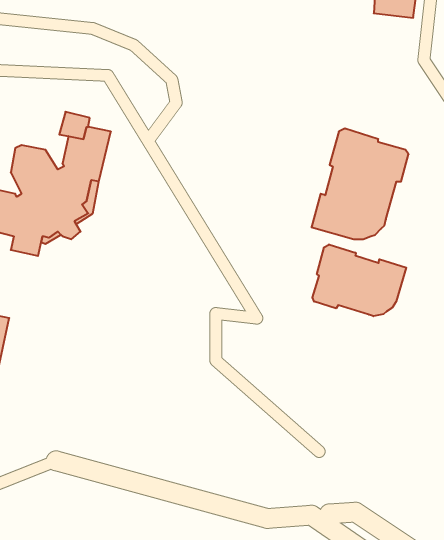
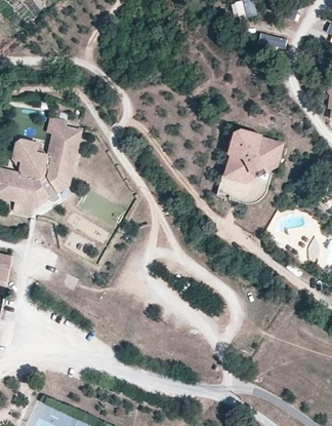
building: [312,244,406,316] -> none

